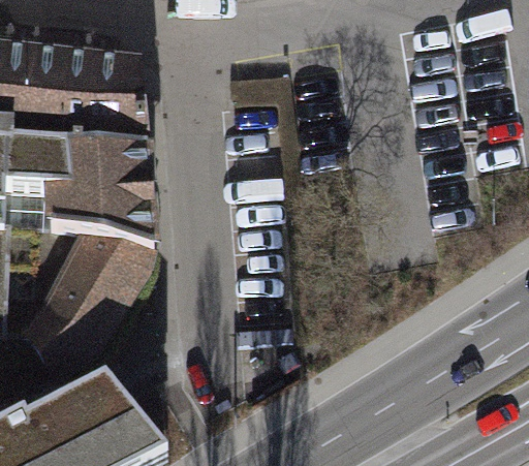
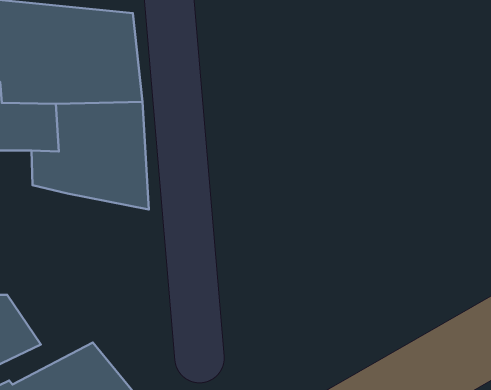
building: [11,236,150,383] -> none

